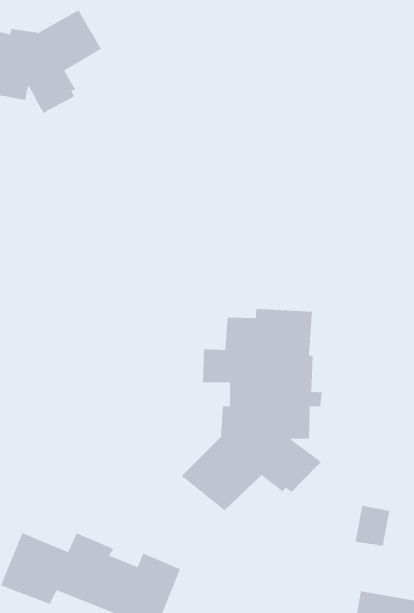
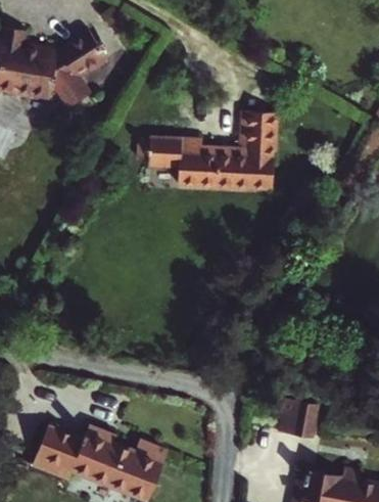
building: none -> [147,111,276,189]
building: [181,308,322,511] -> none

